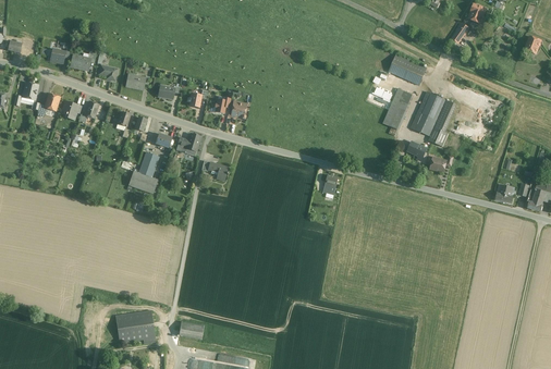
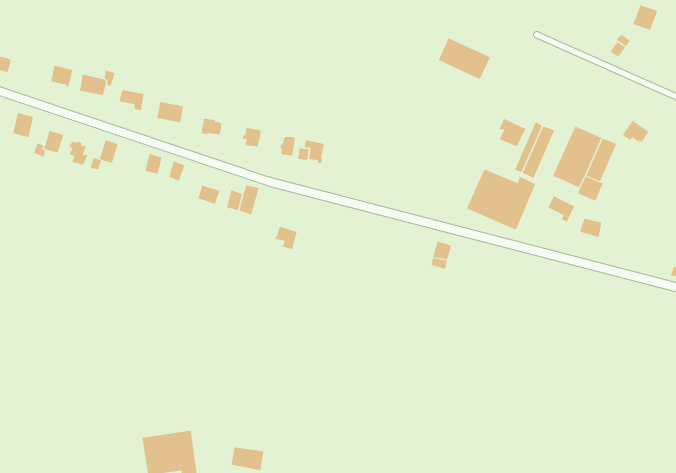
building: [389,54,427,85] -> [438,37,491,80]
building: none -> [466,169,536,231]
building: [128,151,159,194] -> none

